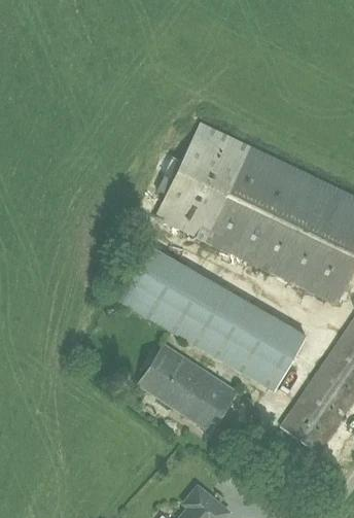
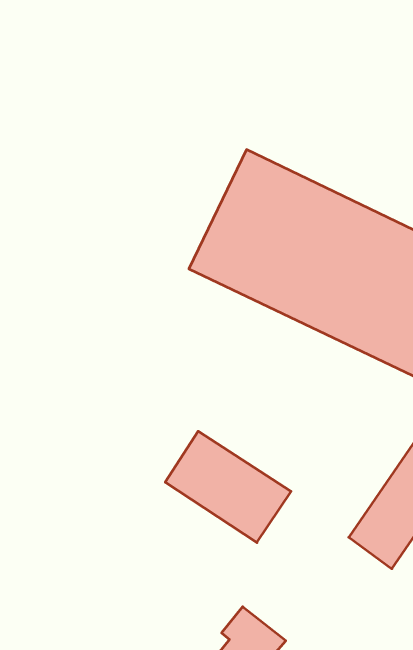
building: [114,243,306,390] -> none

